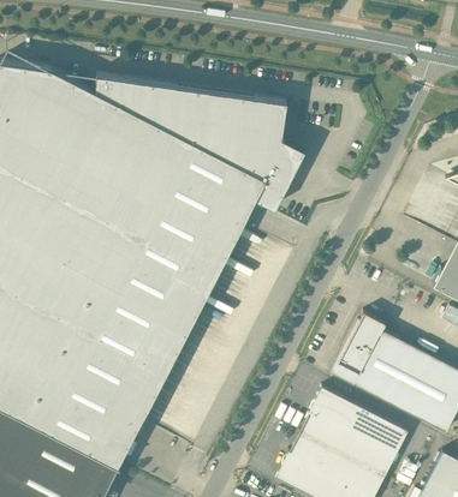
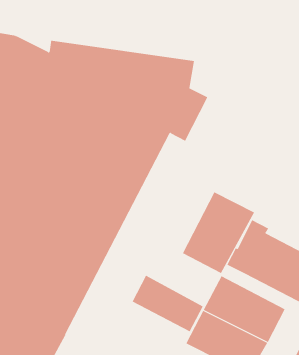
building: none -> [182,191,255,274]
building: none -> [132,275,204,332]

